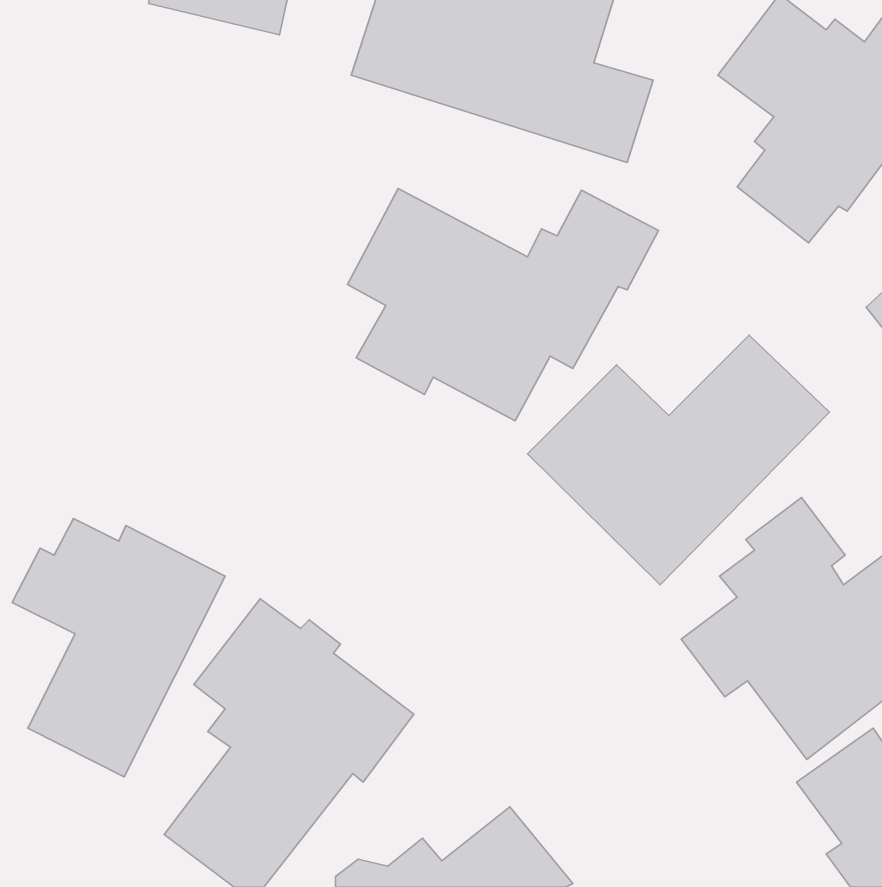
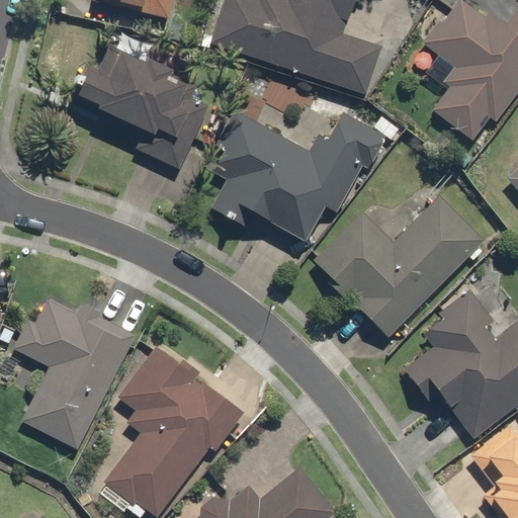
building: none -> [68,30,213,170]

